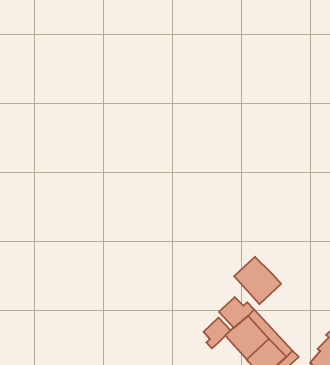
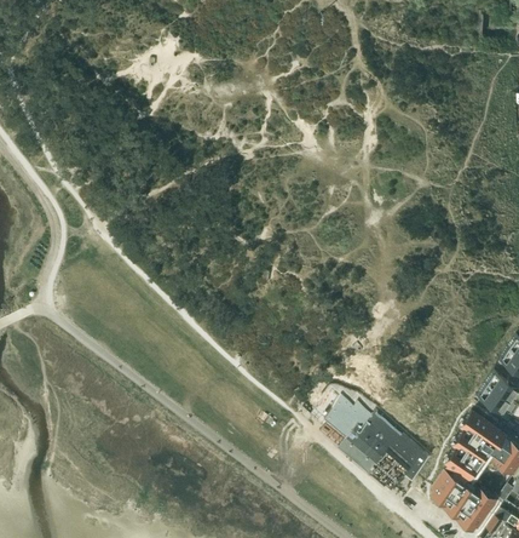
building: [234,257,281,304] -> none
building: [204,318,230,348] -> none

